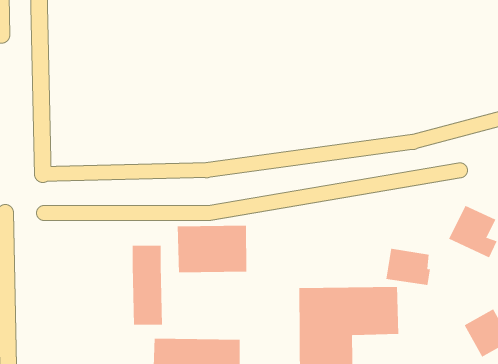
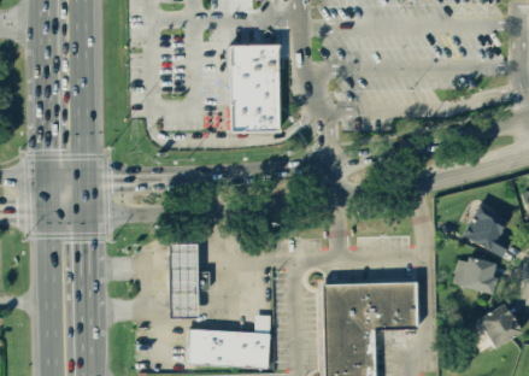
building: none -> [229,45,280,131]
building: [177,225,247,273] -> none
building: [385,248,431,285] -> [455,257,498,292]

